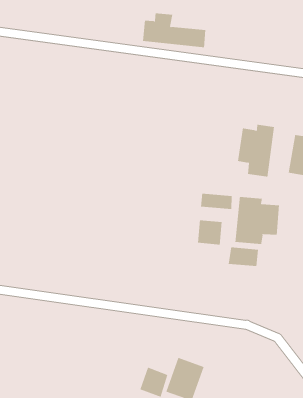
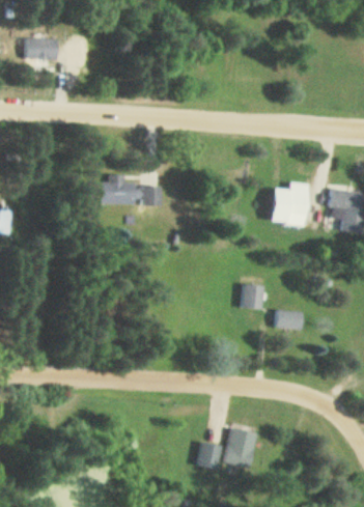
building: [142,13,206,48] -> [97,173,162,204]
building: [201,193,232,210] -> none
building: [235,196,279,245] -> none

